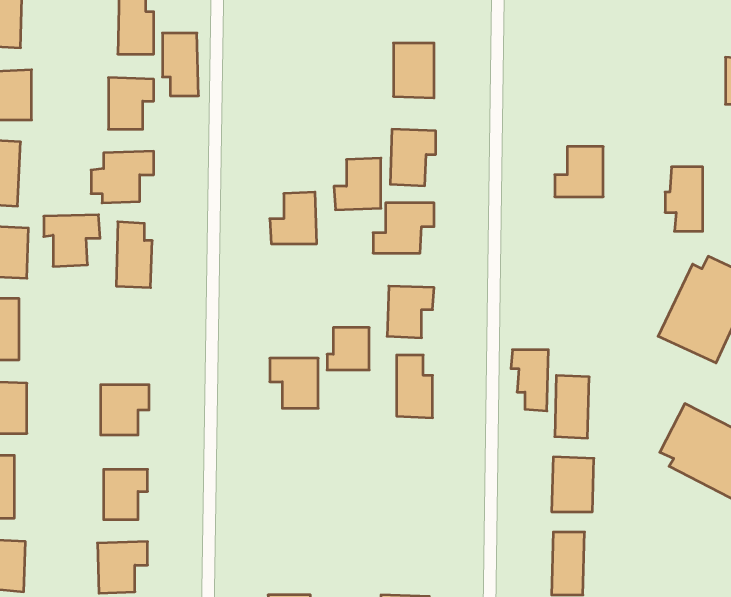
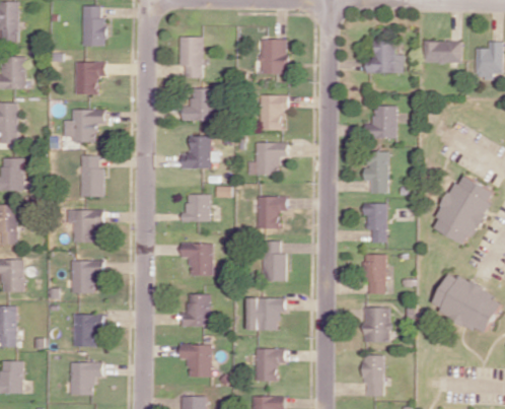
building: [162,33,199,96] -> [179,37,203,77]
building: none -> [365,40,404,73]
building: none -> [424,41,462,63]
building: [334,158,381,210] -> [182,87,212,121]
building: [665,167,703,231] -> [364,151,388,193]
building: [44,215,100,266] -> [68,209,104,243]
building: [327,328,369,370] -> [182,194,209,221]
building: [511,350,548,411] -> [363,203,387,243]
building: none -> [178,293,209,327]
building: none -> [246,297,285,330]
building: none -> [178,343,211,377]
building: none -> [255,347,285,382]

